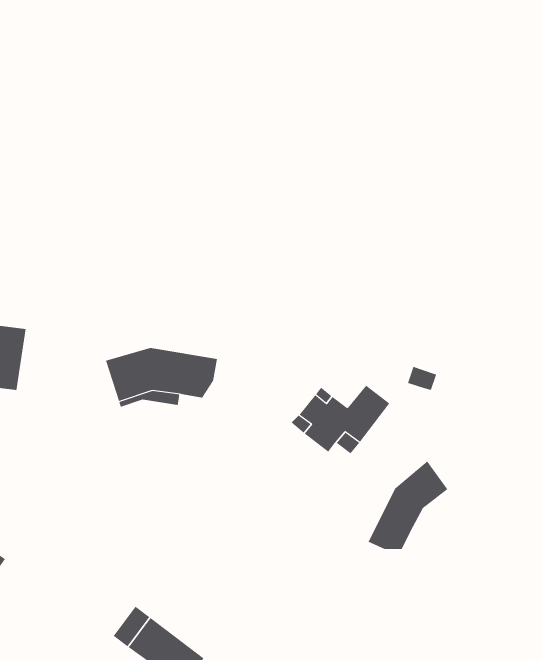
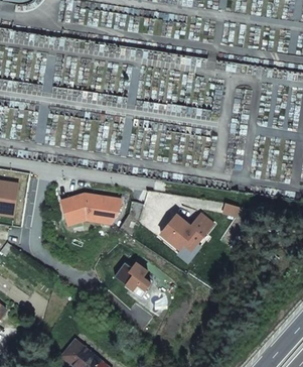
building: [368,461,448,550] -> none
building: none -> [113,261,149,297]

